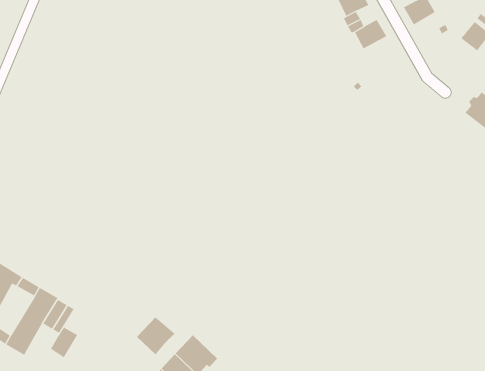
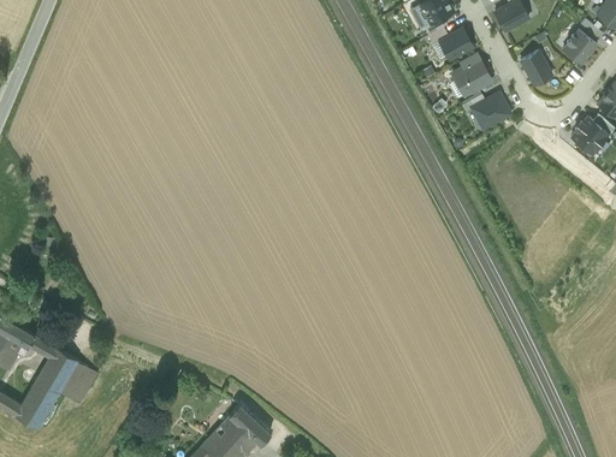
building: none -> [519,49,553,87]
building: none -> [445,52,492,99]
building: none -> [468,90,511,131]
building: [136,316,175,355] -> none
building: [50,327,78,358] -> none

